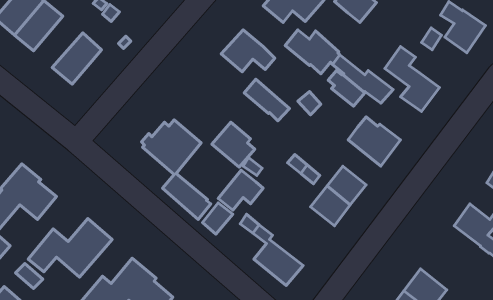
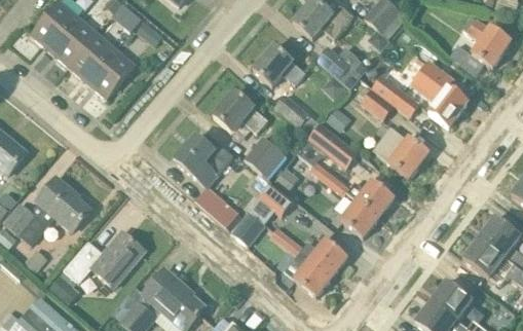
building: none -> [68,32,116,82]
building: none -> [214,90,266,132]
building: none -> [306,122,358,169]
building: none -> [463,237,506,279]
building: none -> [299,238,347,277]

